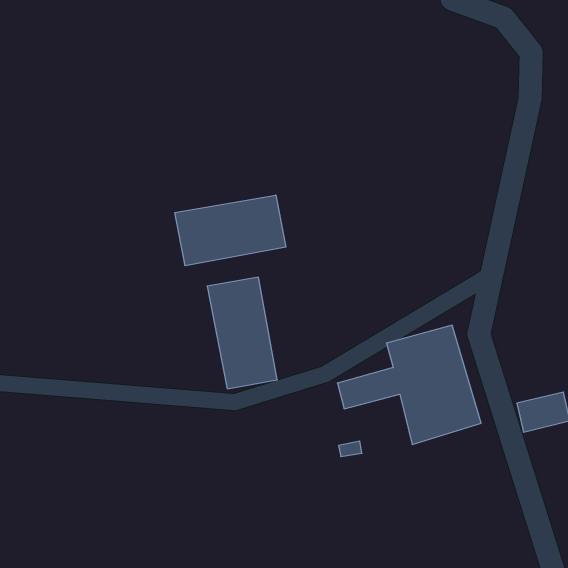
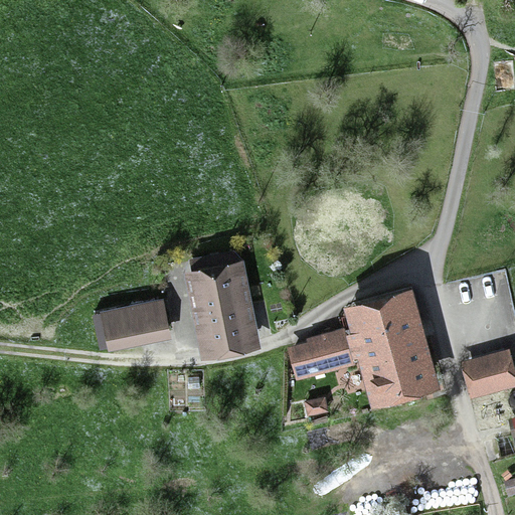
building: [175,195,286,266] -> none
building: none -> [106,306,167,343]

